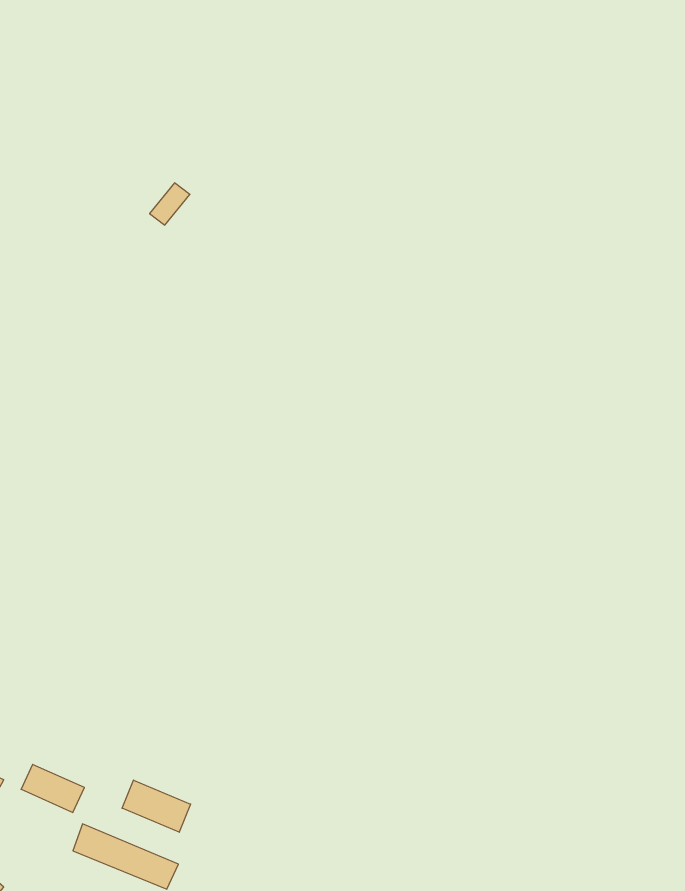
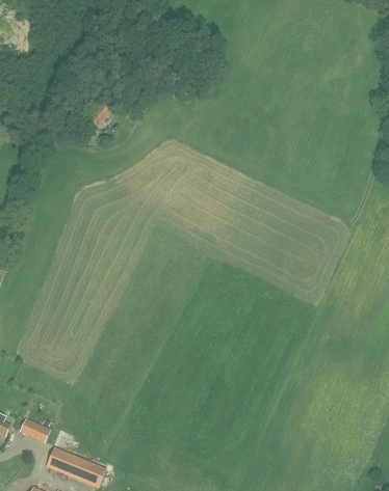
building: [122,780,191,832] -> none

